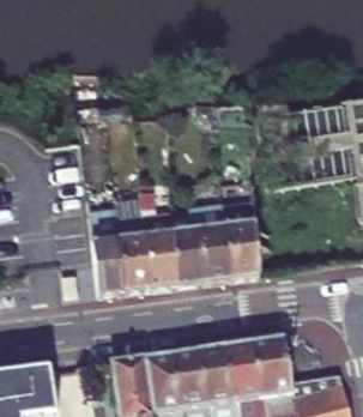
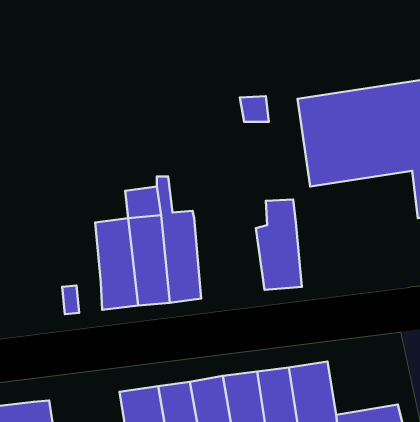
building: [173,208,231,283] -> none

